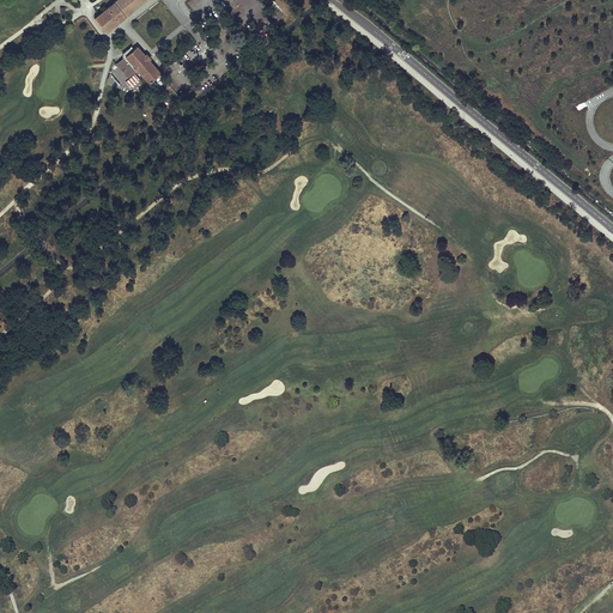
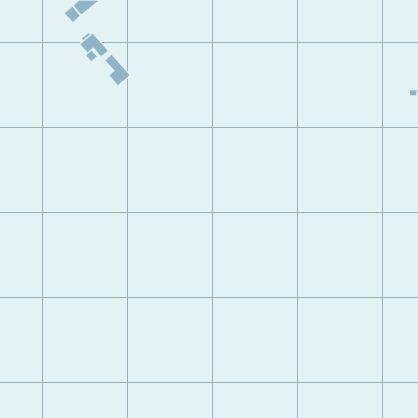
building: none -> [105,54,130,86]

